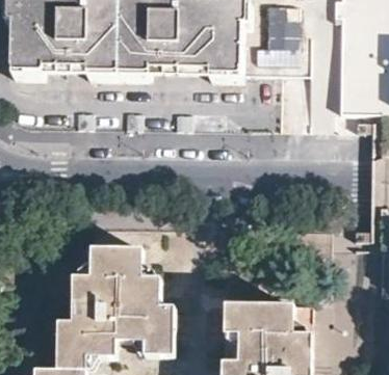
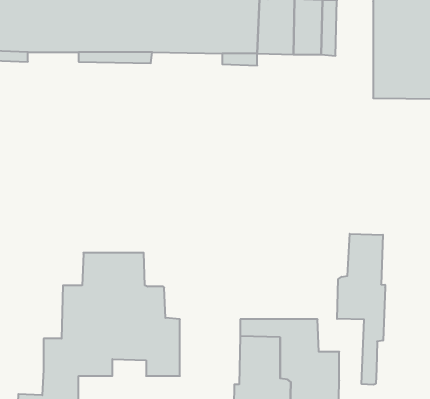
building: none -> [337,234,385,385]

